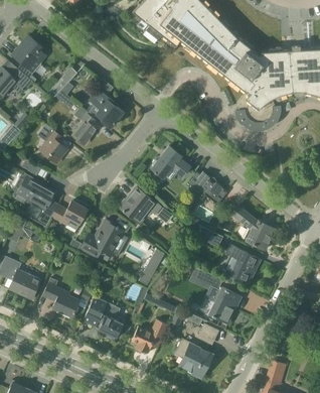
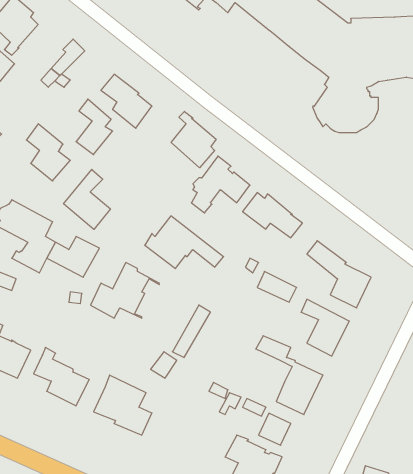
building: none -> [171,111,216,168]
building: none -> [64,169,110,229]
building: [131,319,168,354] -> none

